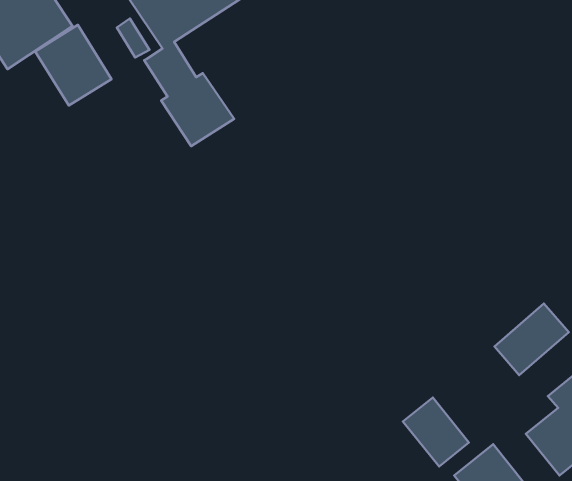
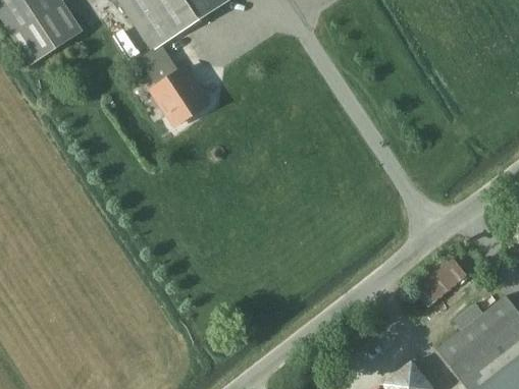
building: [35,25,112,106] -> none
building: [403,397,469,466] -> none

